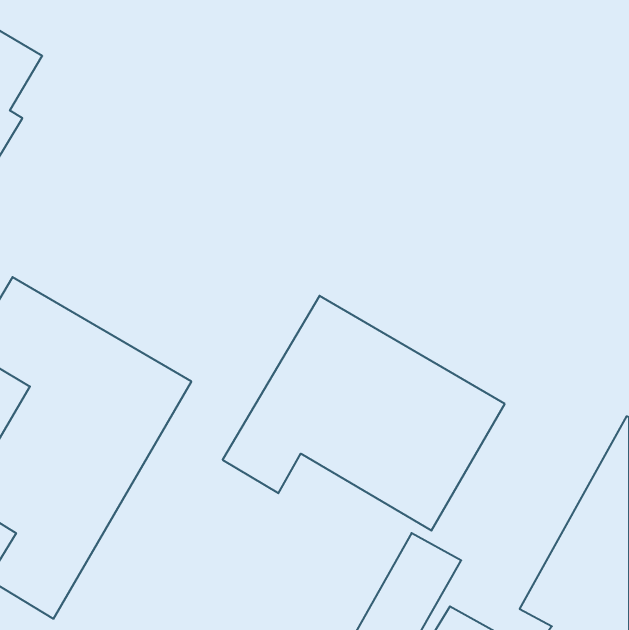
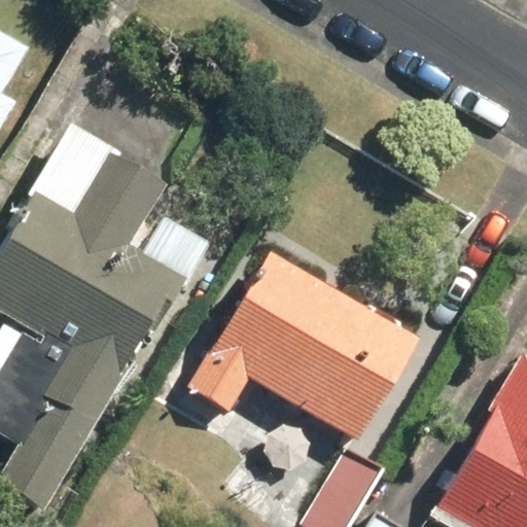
building: none -> [10,124,209,322]

